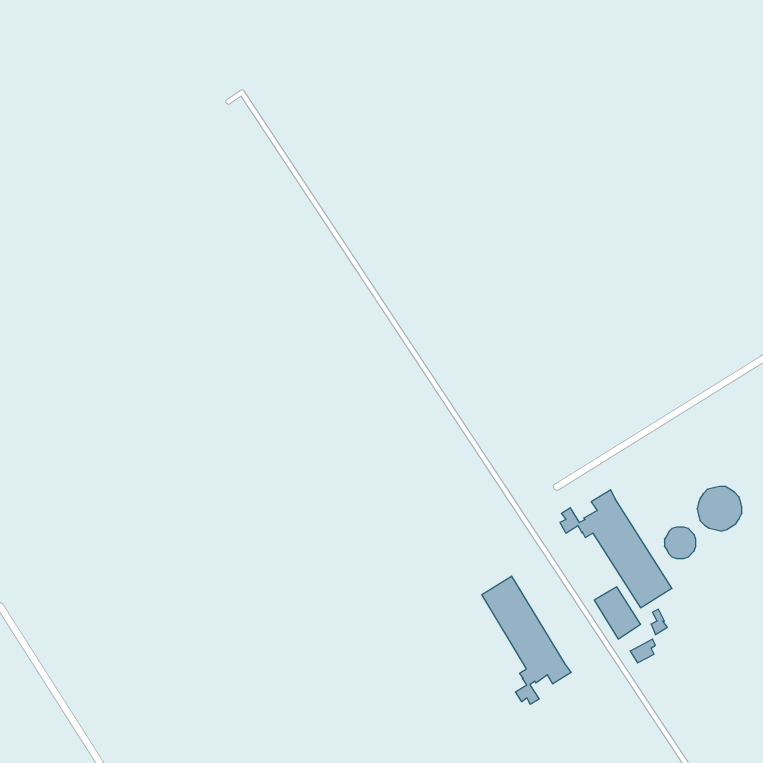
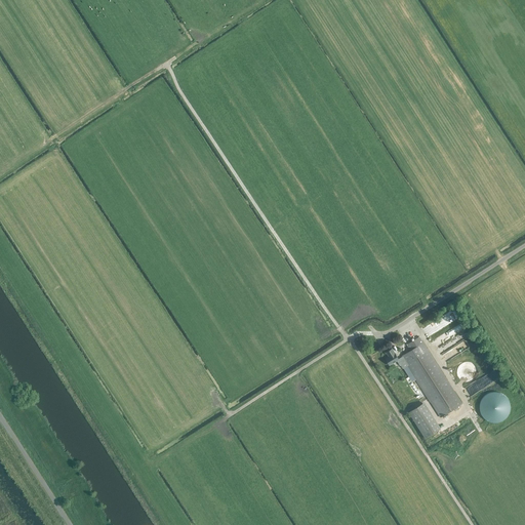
building: [697,486,742,531] -> [479,393,510,423]
building: [482,576,571,704] -> none

